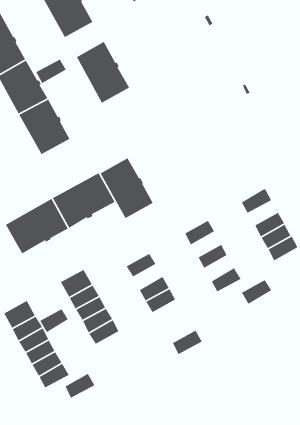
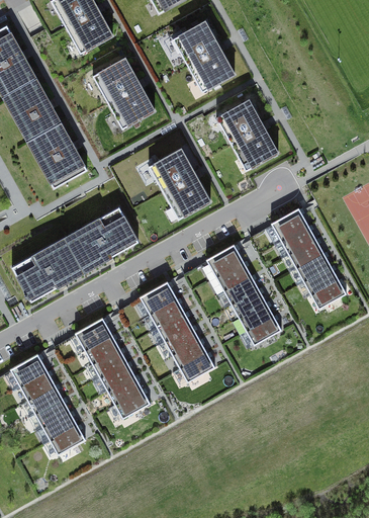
building: none -> [172,20,234,92]
building: [35,58,67,84] -> none
building: none -> [215,99,277,170]
building: [100,157,154,219] -> [148,148,209,219]
building: none -> [270,206,307,241]
building: none -> [287,239,322,267]
building: none -> [205,243,243,276]
building: none -> [222,274,258,304]
building: none -> [139,280,176,314]
building: none -> [157,312,191,341]
building: [241,279,272,305] -> [238,301,273,331]
building: [39,308,69,333] -> none
building: [172,329,203,355] -> [179,352,214,381]
building: [64,373,95,399] -> [114,388,150,418]

